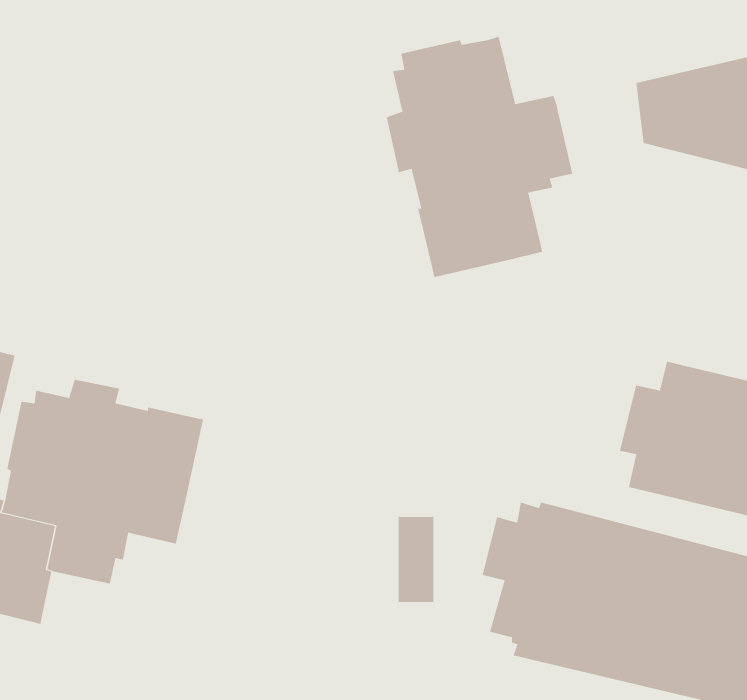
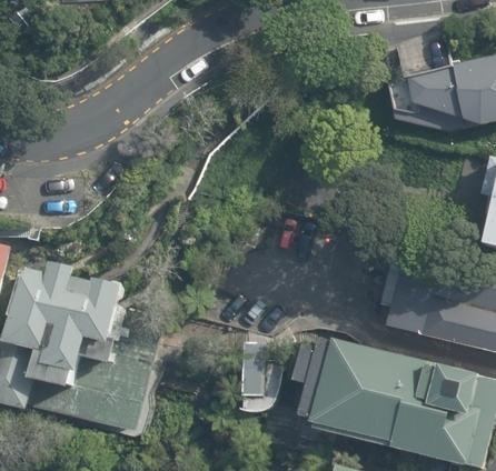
building: [386,36,573,278] -> none
building: none -> [28,337,156,429]

